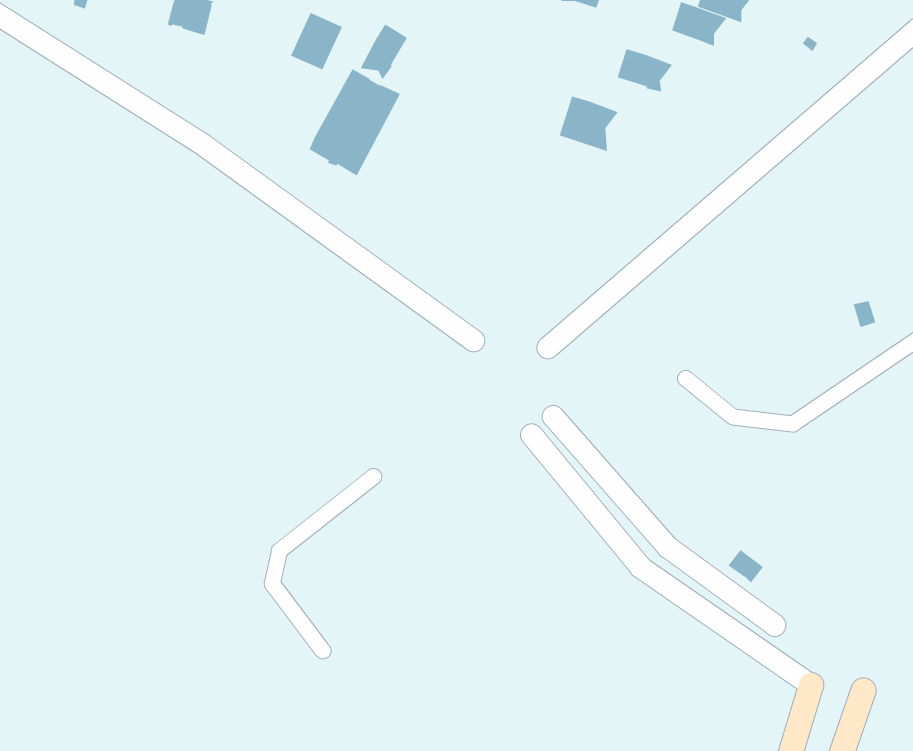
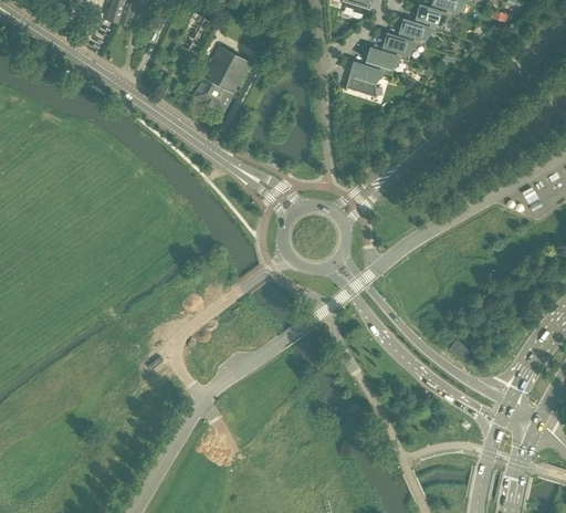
building: [360,23,408,80] -> none
building: none -> [398,19,432,46]
building: none -> [365,48,399,74]

